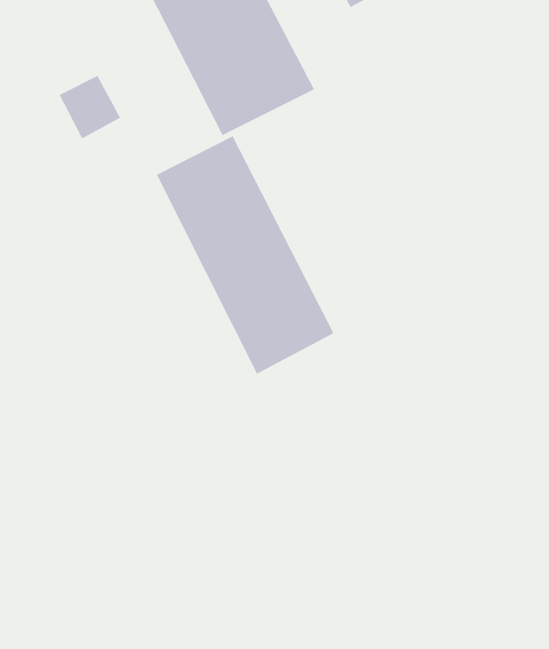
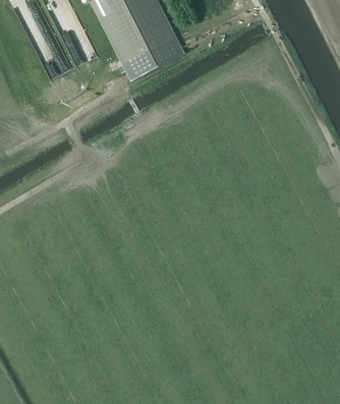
building: [156,135,334,374] -> none

